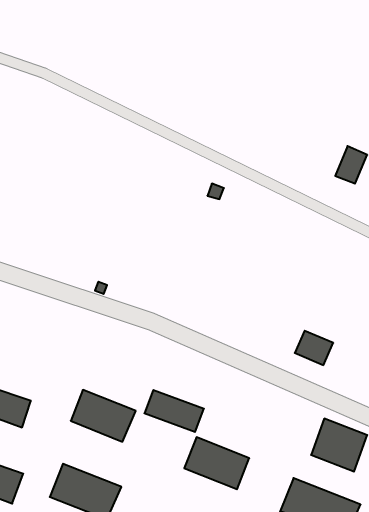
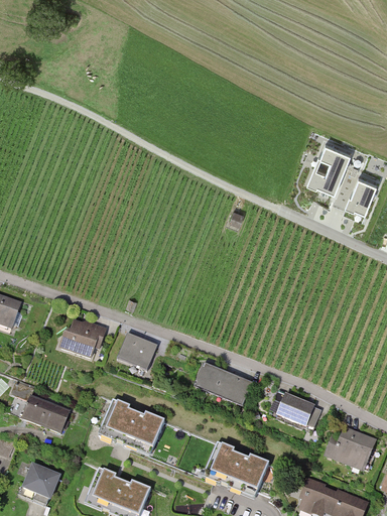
building: none -> [306,140,350,190]
building: none -> [58,319,105,360]
building: none -> [118,335,156,371]
building: [295,331,333,365] -> [277,392,312,423]
building: [144,390,204,432] -> [196,363,250,401]

